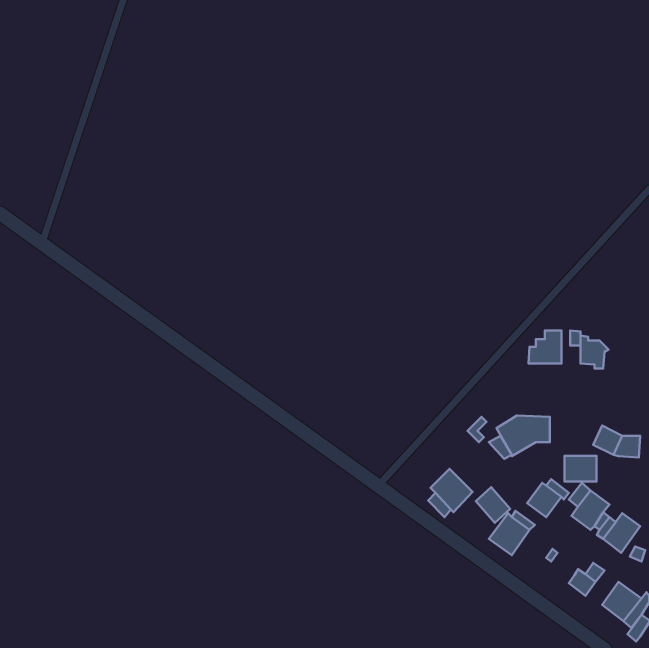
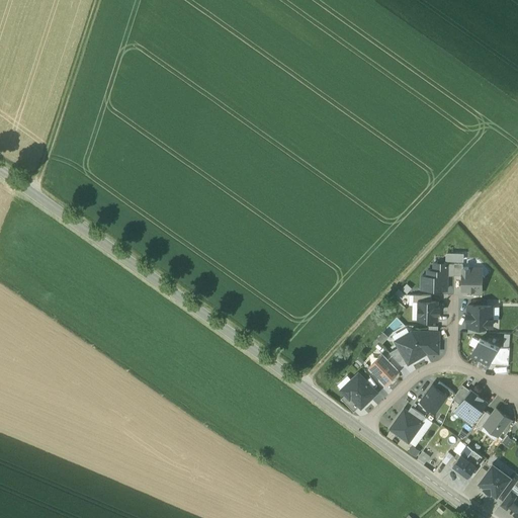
building: none -> [418,303,439,321]
building: [565,456,596,481] -> [467,308,493,328]
building: [476,487,510,523] -> [370,356,398,384]

